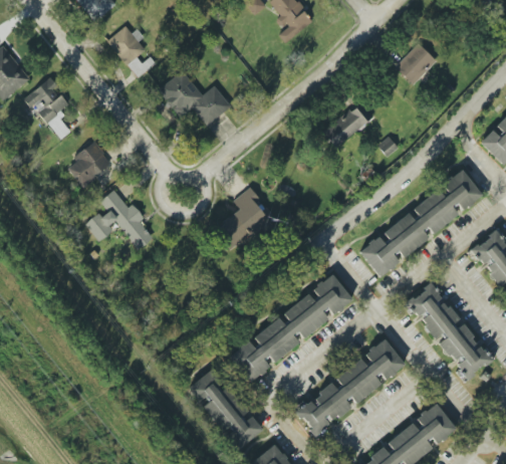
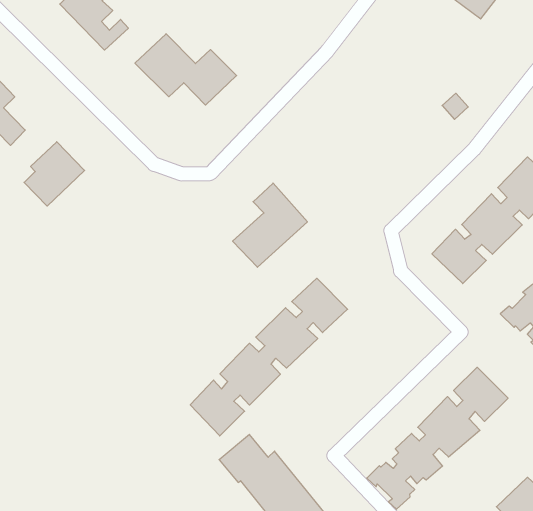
building: [323,103,373,146] -> none
building: [86,188,154,249] -> none
building: [230,274,352,382] -> [190,278,348,436]

